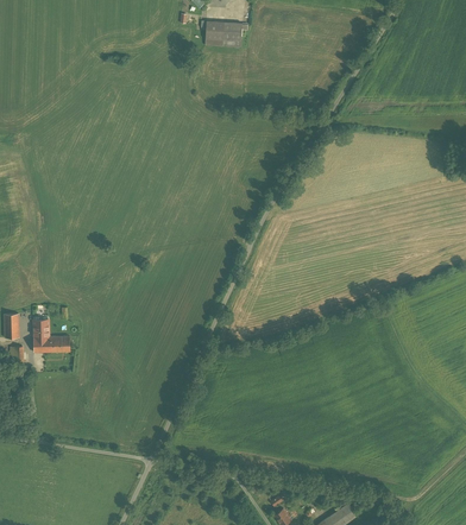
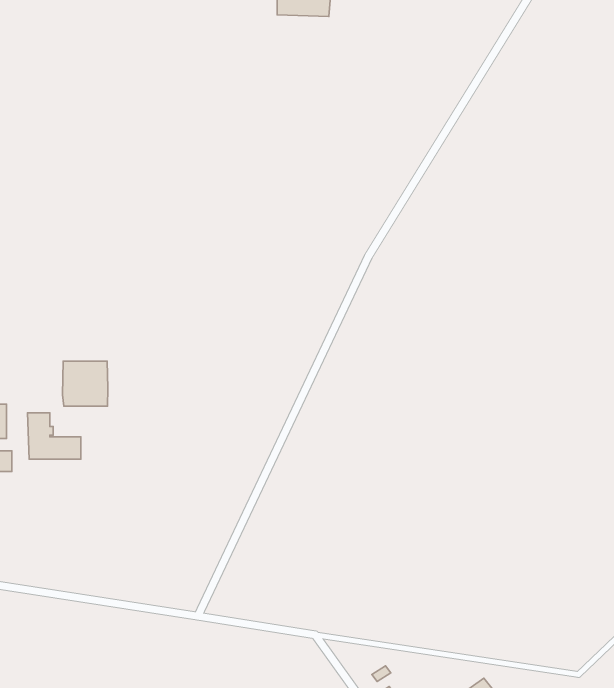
building: none -> [63,361,108,406]

